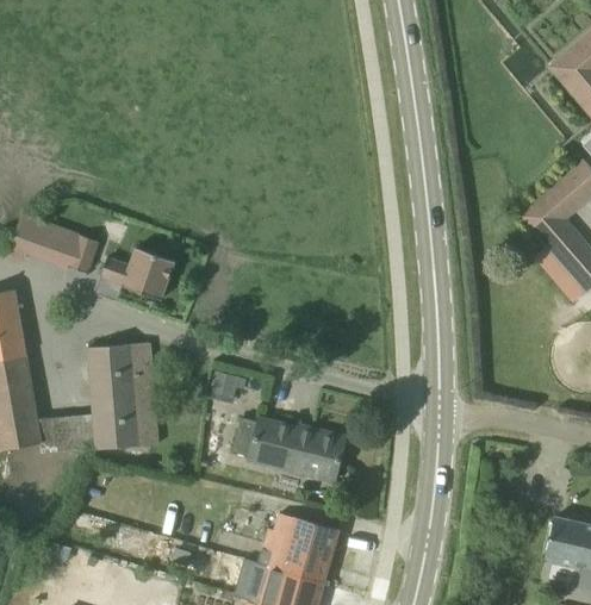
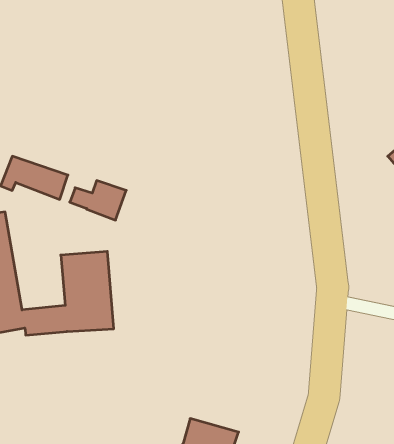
building: [209,370,245,403] -> none
building: [230,417,344,481] -> none
building: [259,513,338,581] -> none

